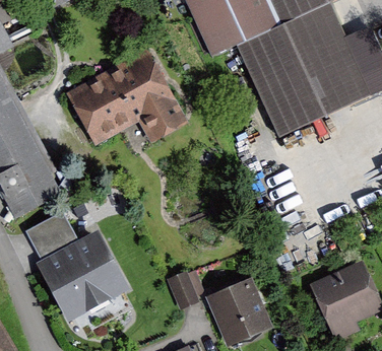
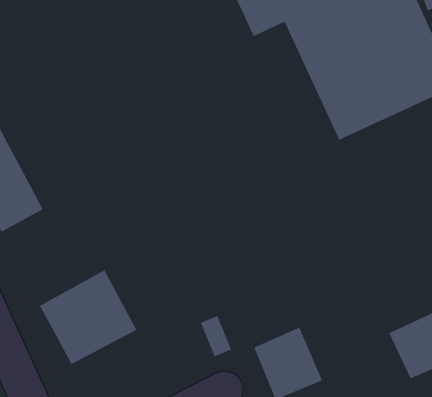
building: [74,58,178,135] -> none
building: [36,212,75,253] -> none

